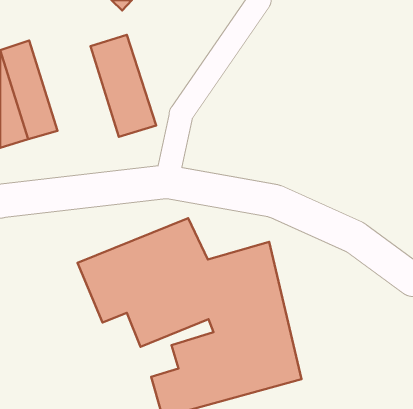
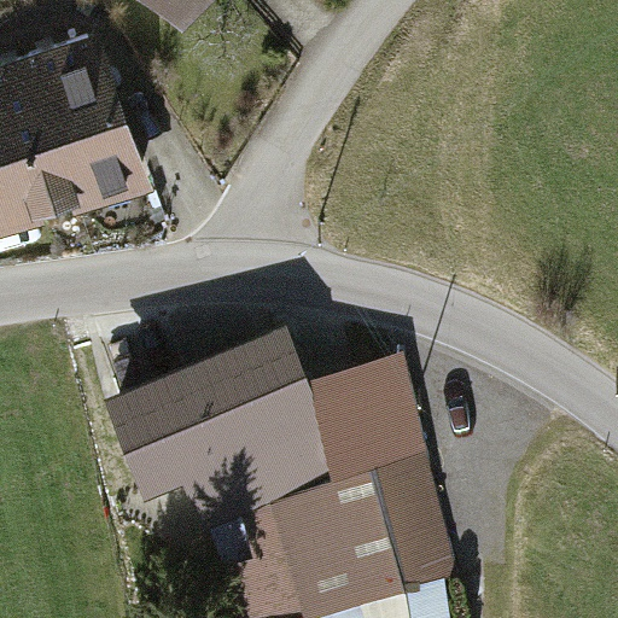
building: [91,35,156,137] -> [43,49,141,202]

